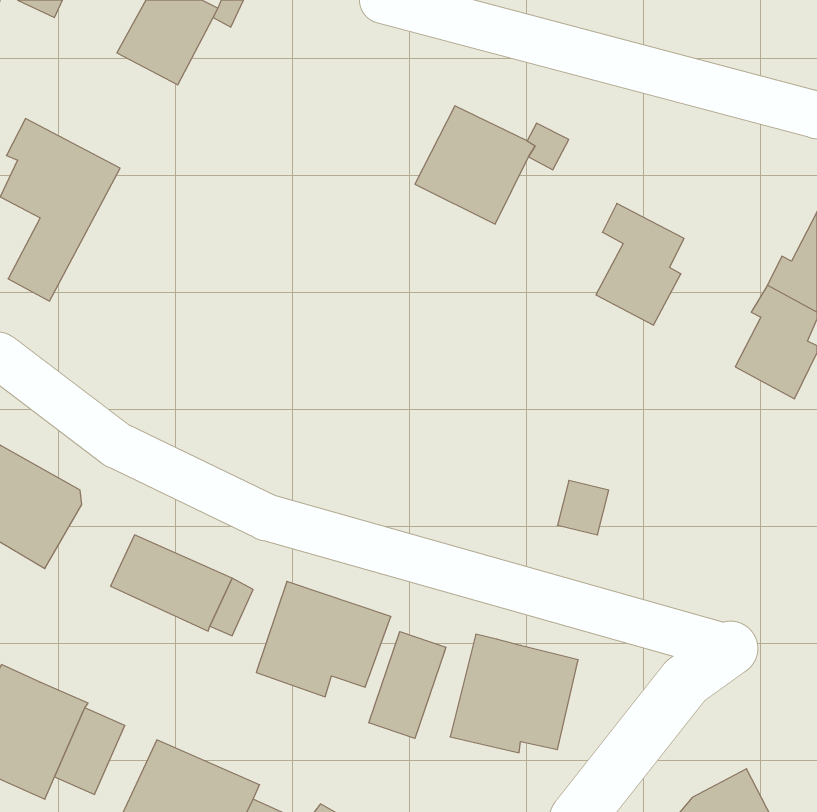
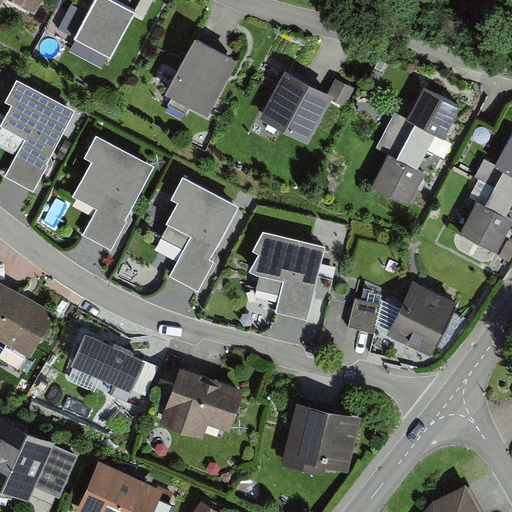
building: none -> [164,35,239,115]
building: none -> [385,91,459,153]
building: none -> [72,134,154,252]
building: none -> [165,175,238,293]
building: none -> [249,237,325,326]
building: none -> [386,287,456,362]
building: [369,632,446,738] -> none

